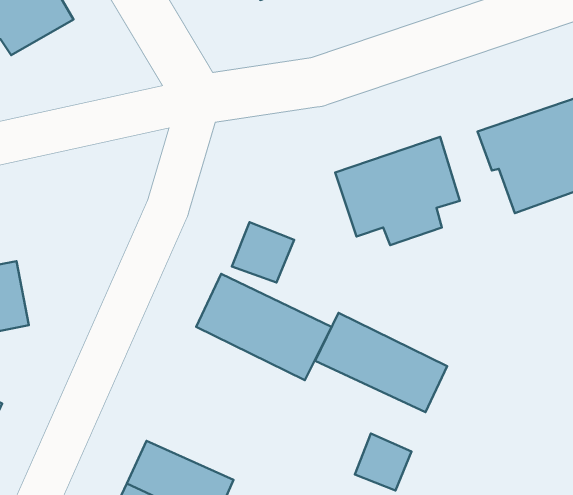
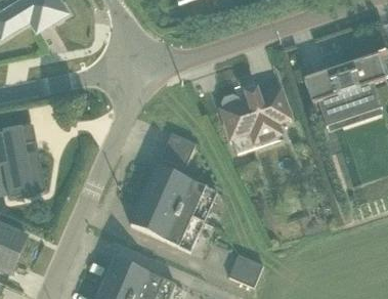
building: [315,313,447,412] -> [127,191,203,249]

